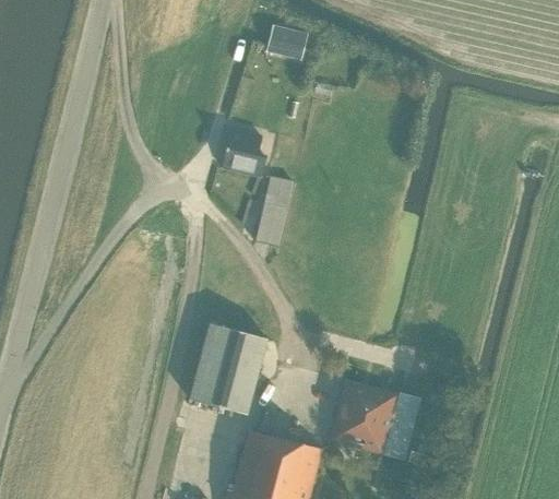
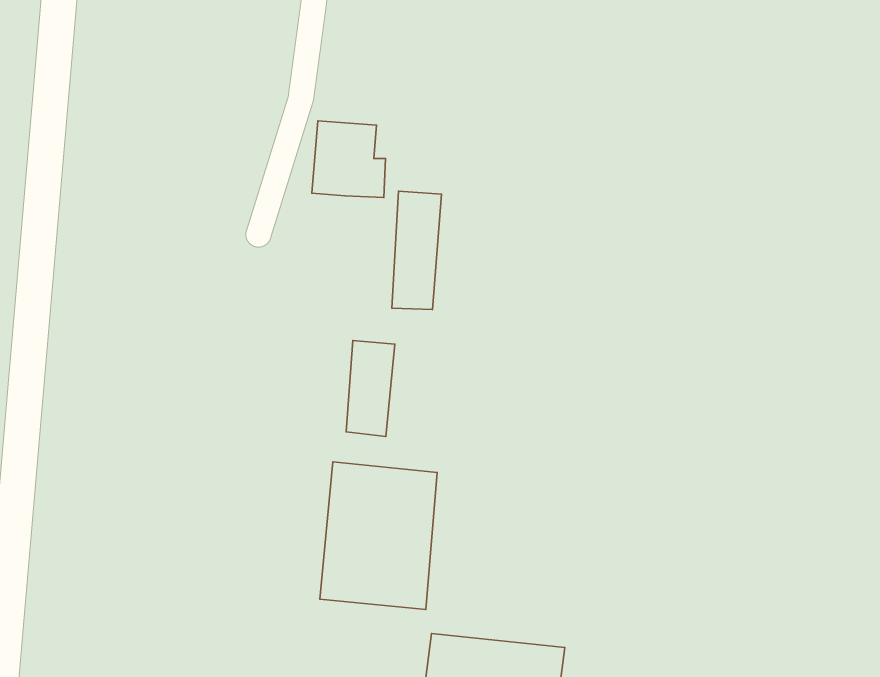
building: none -> [346,341,395,436]
building: [329,380,419,459] -> none

